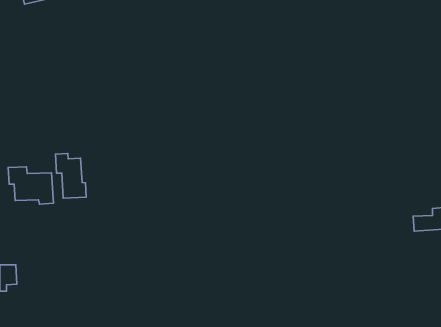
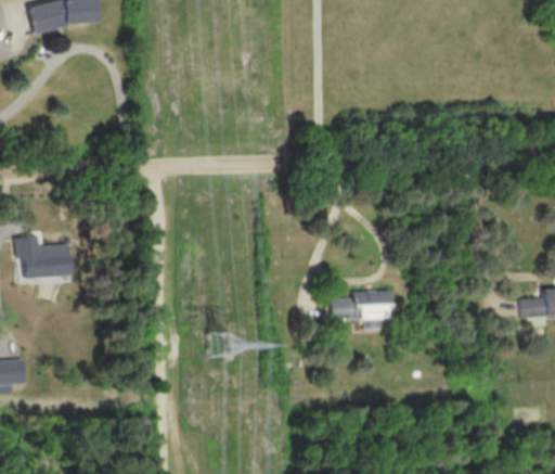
building: [55,154,86,198] -> none
building: none -> [331,290,391,329]

